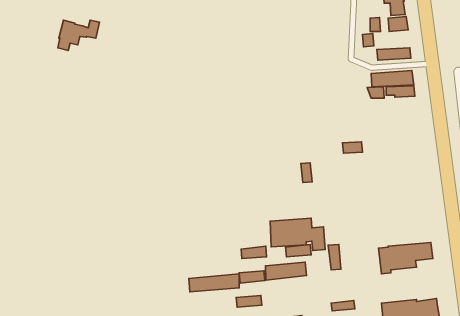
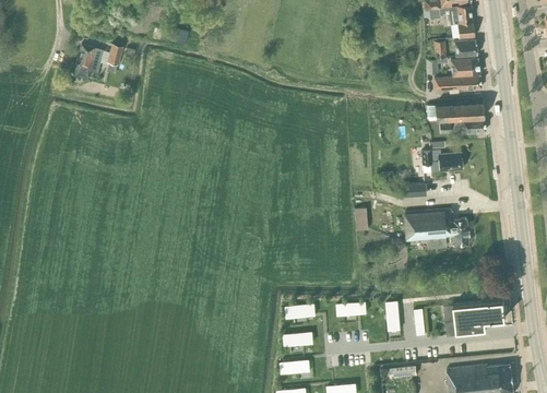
building: none -> [450,58,479,75]
building: none -> [420,150,462,171]
building: [270,218,325,251] -> [404,209,467,246]
building: [265,262,306,280] -> none
building: [189,274,239,292] -> none

